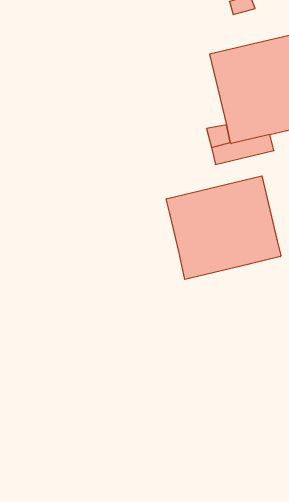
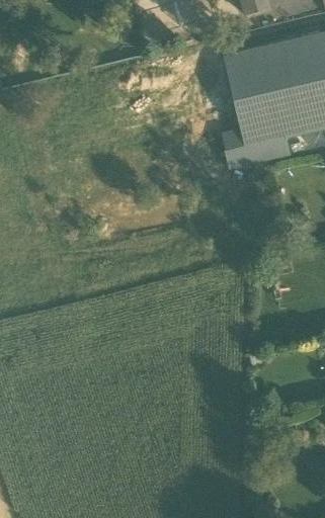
building: [166,176,281,279] -> none

